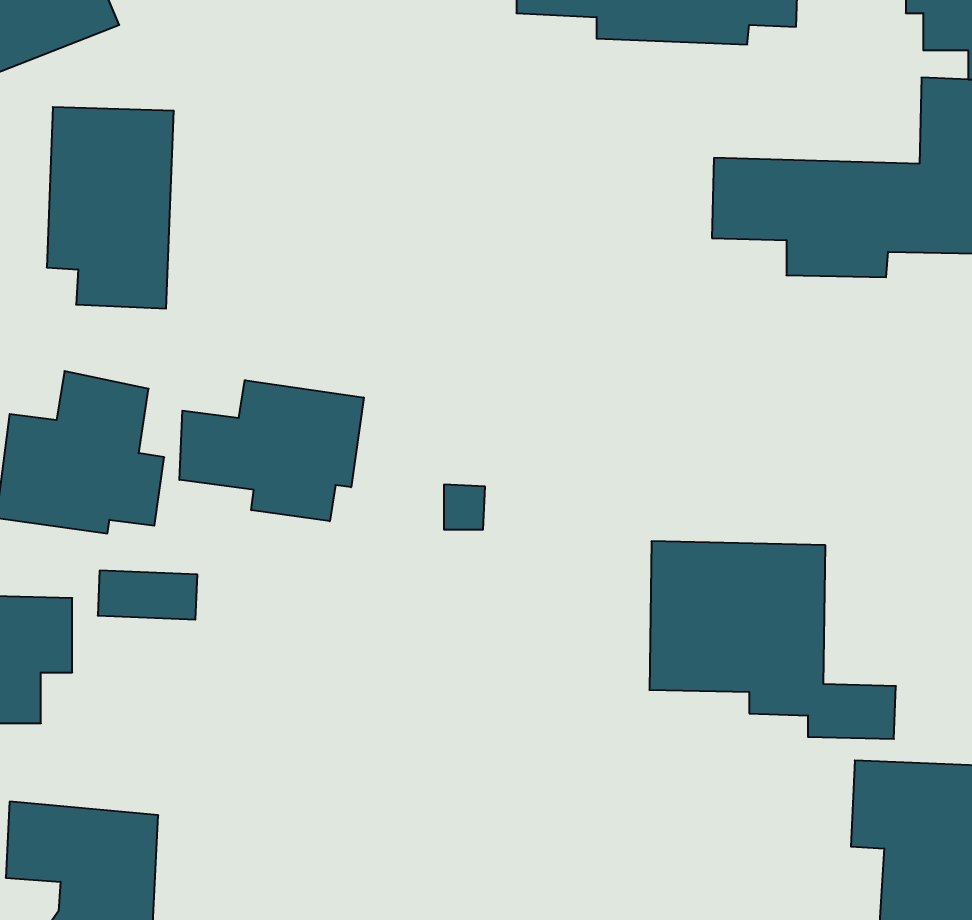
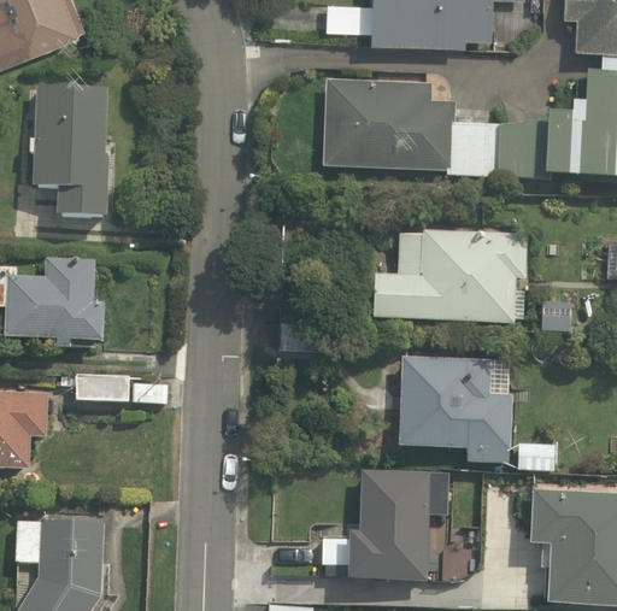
building: none -> [325,80,445,169]
building: none -> [364,228,524,325]
building: [179,380,364,521] -> none
building: none -> [342,468,440,583]

